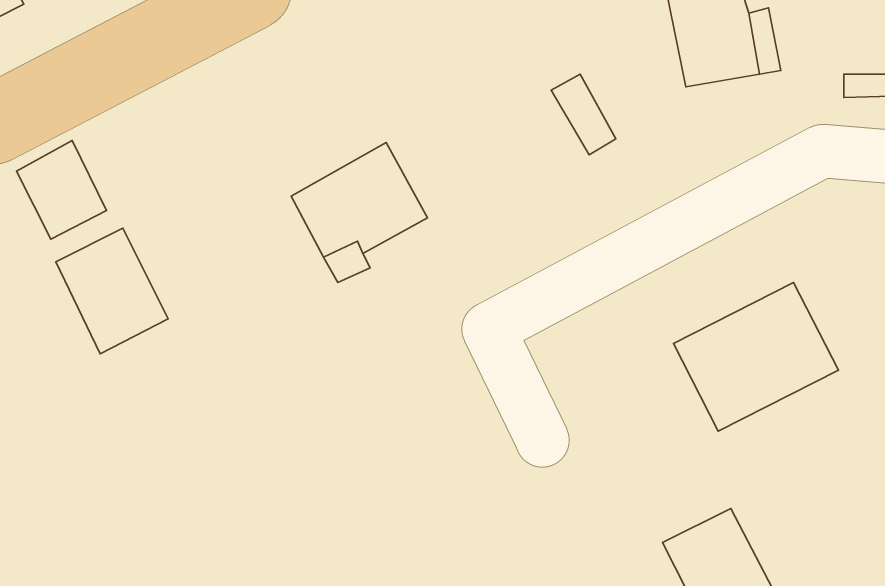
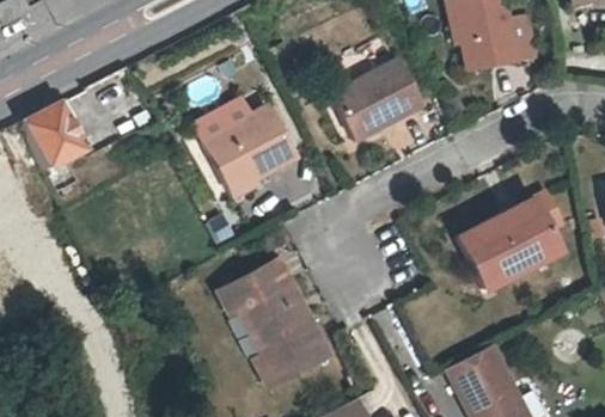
building: none -> [332,67,402,134]
building: [56,228,168,354] -> none
building: none -> [219,260,328,387]

